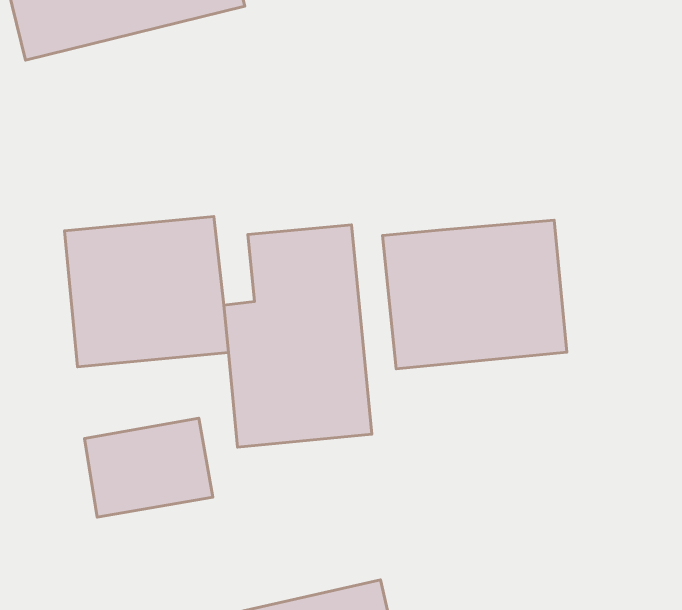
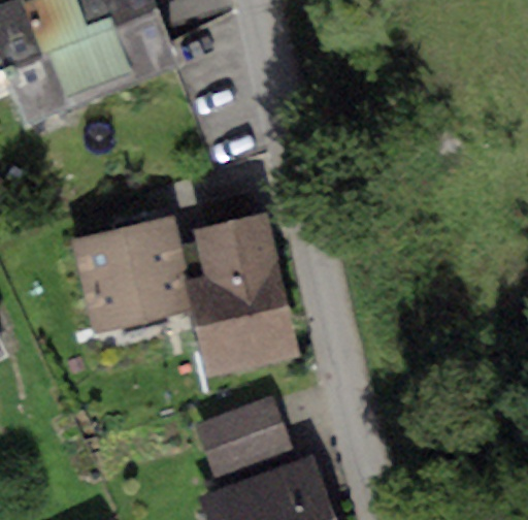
building: [383,220,567,369] -> none
building: [85,418,213,517] -> [197,400,290,477]

